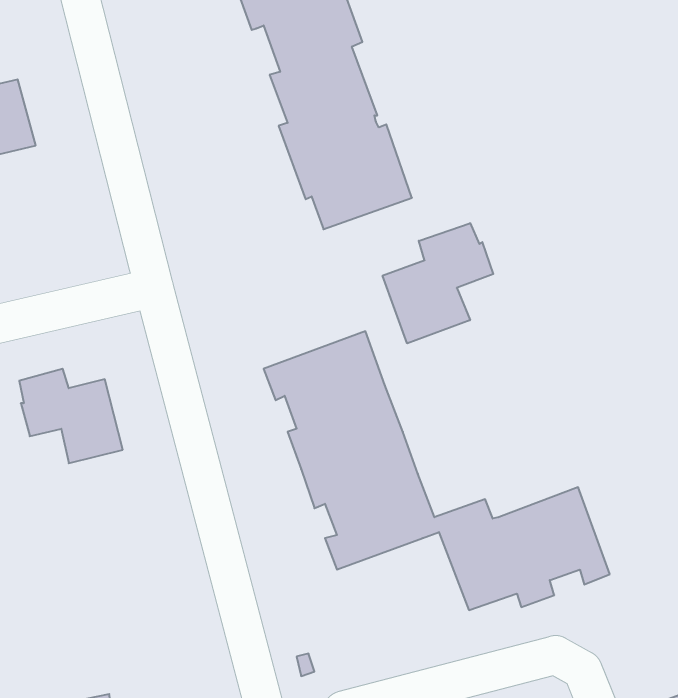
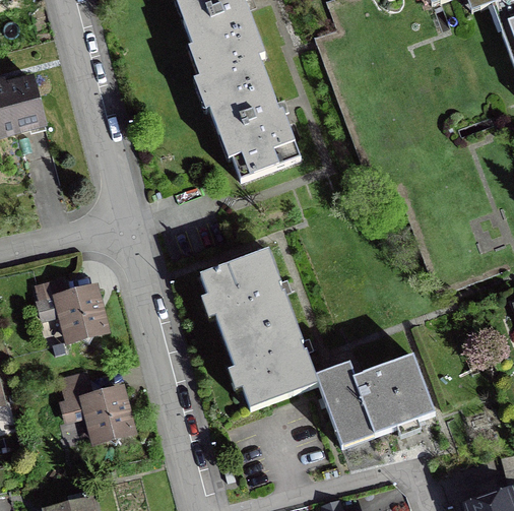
building: [383,223,493,343] -> none
building: none -> [63,379,134,442]

